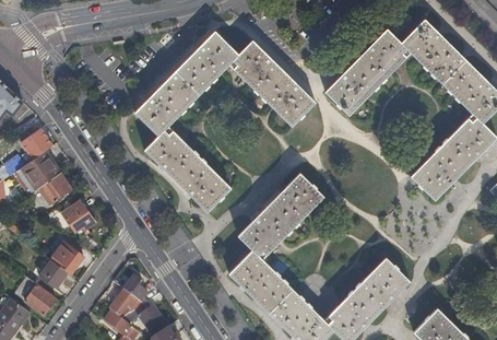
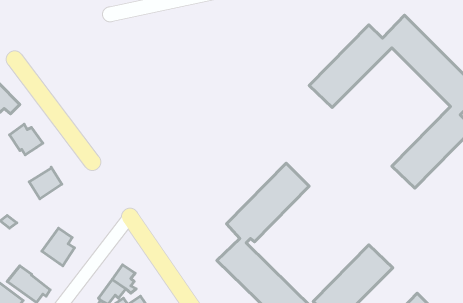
building: [137,31,317,211] -> none
building: [15,155,57,195] -> none
building: [57,206,91,236] -> none
building: [36,263,66,293] -> none

